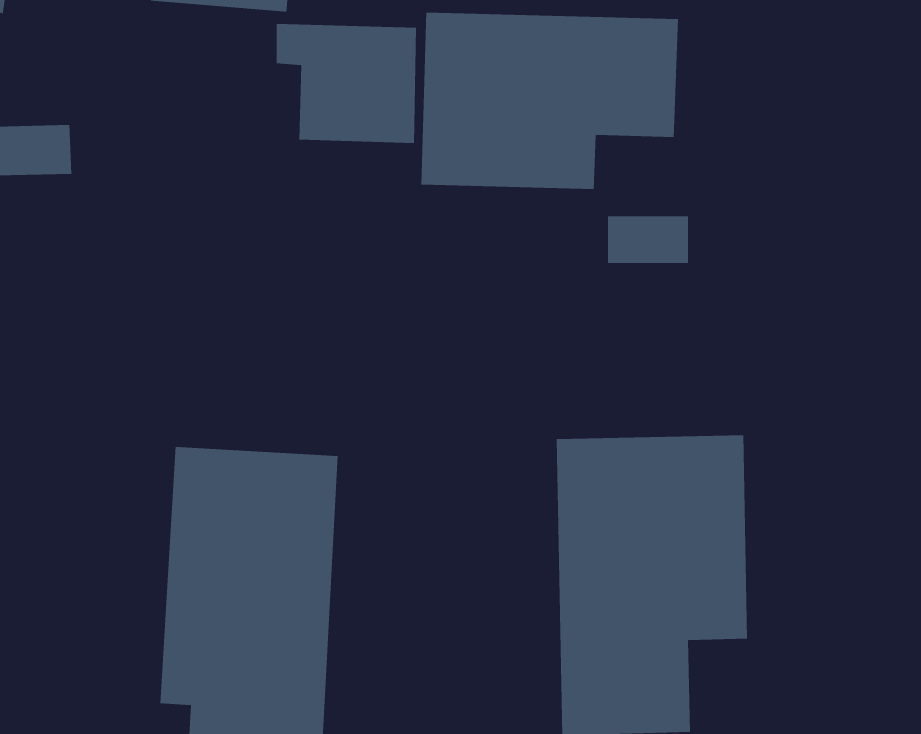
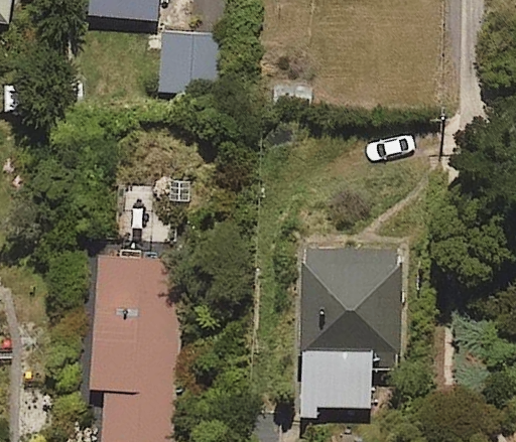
building: [421,12,678,190] -> none

